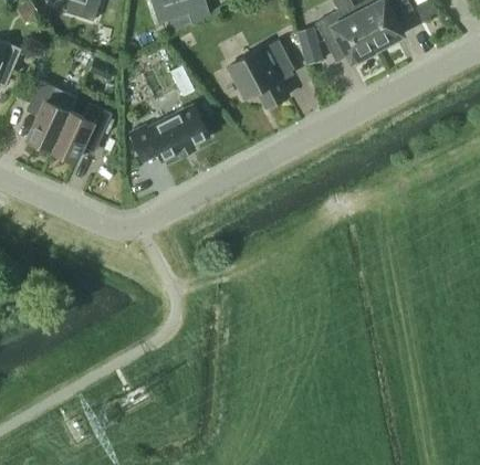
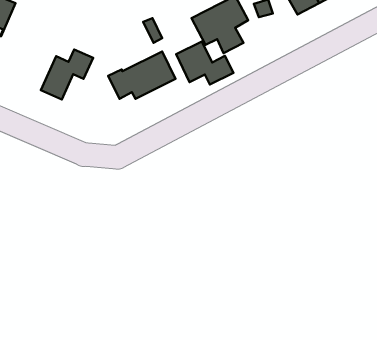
building: [27,81,75,151] -> none
building: none -> [176,41,233,85]

